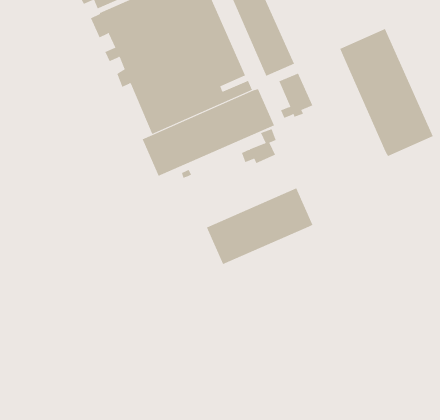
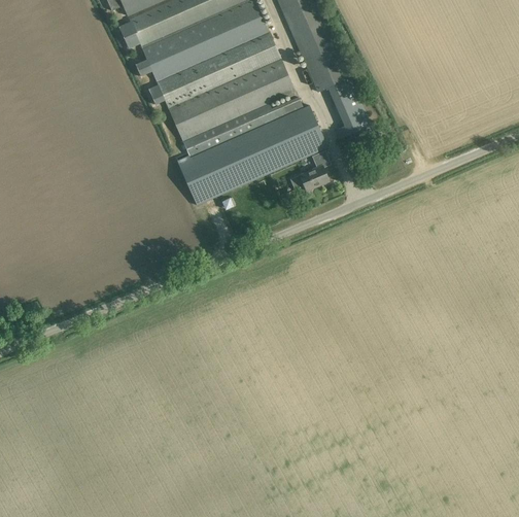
building: [340,28,434,157] -> none
building: [206,187,313,265] -> none

